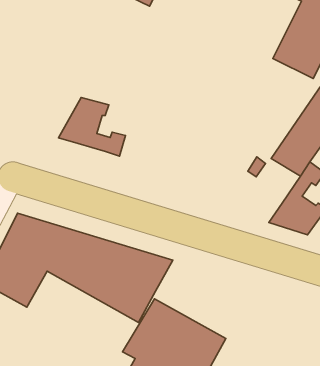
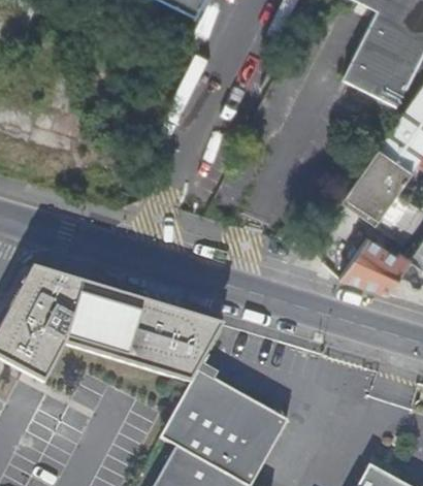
building: [59,97,125,156] -> none

